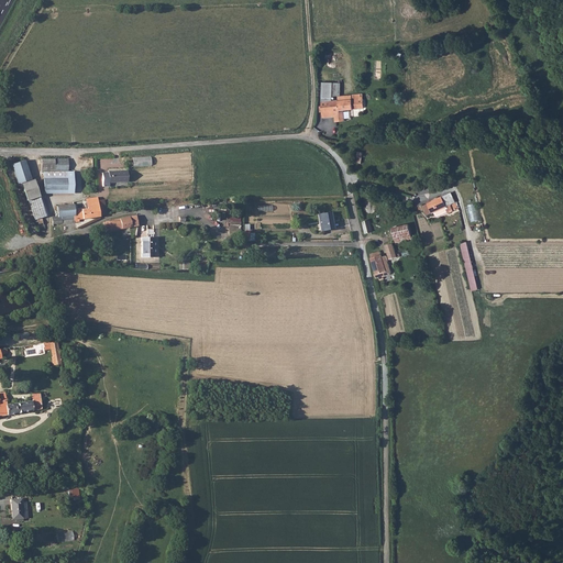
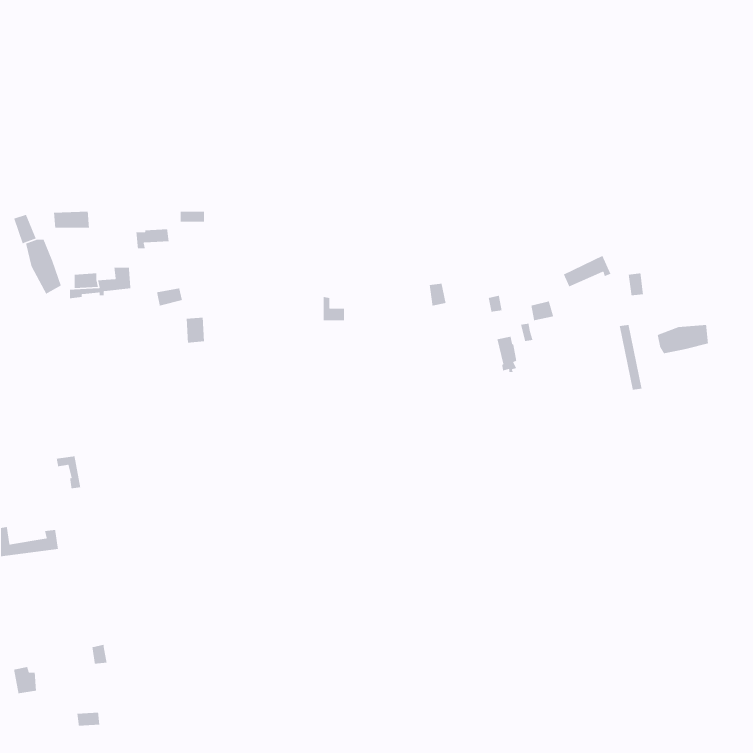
building: [322,98,360,120] -> none
building: [42,170,66,189] -> none
building: none -> [657,324,709,354]

